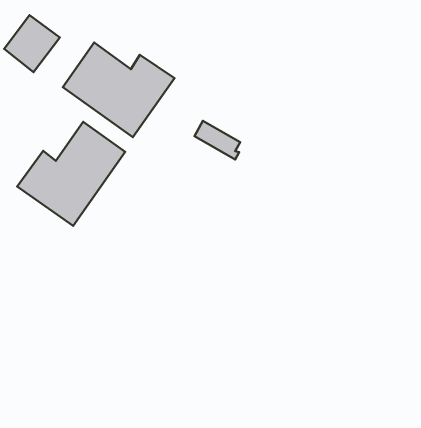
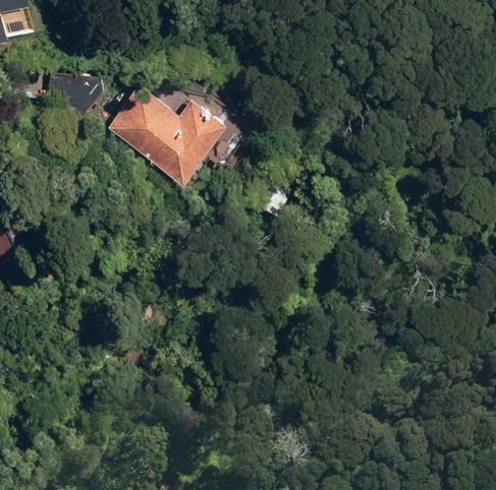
building: [17,122,125,226] -> none

